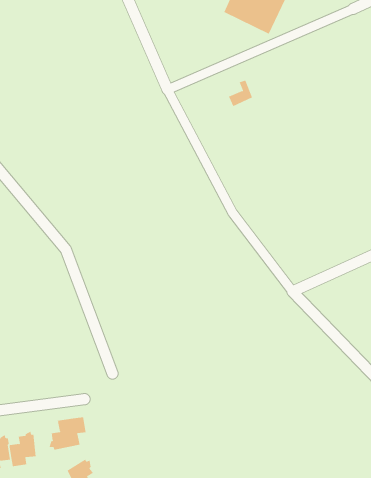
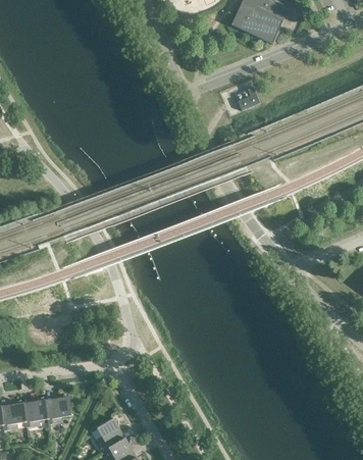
building: [49,416,86,450] -> none

